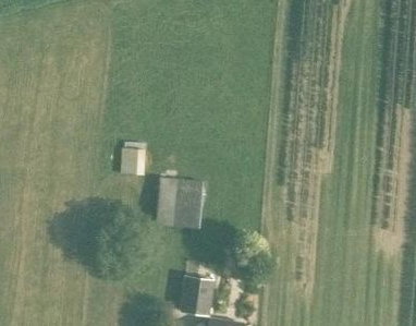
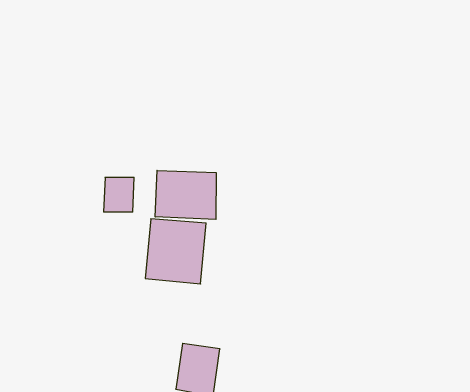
building: none -> [155,170,216,219]

